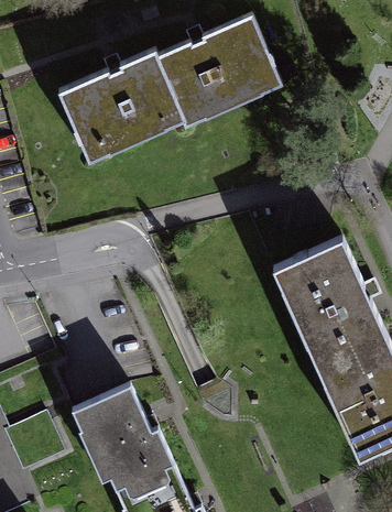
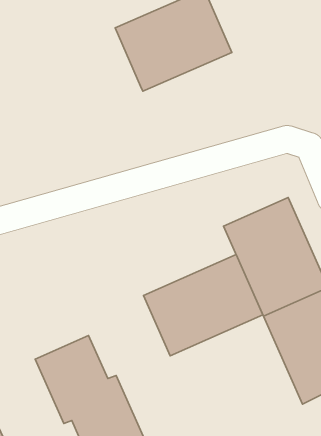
building: [59,51,184,160] -> none
building: none -> [143,254,263,356]

